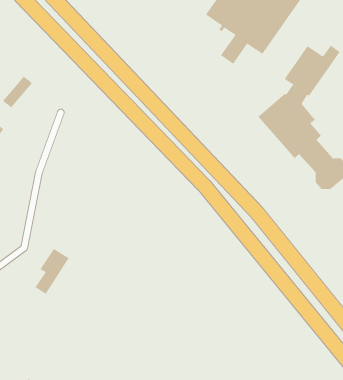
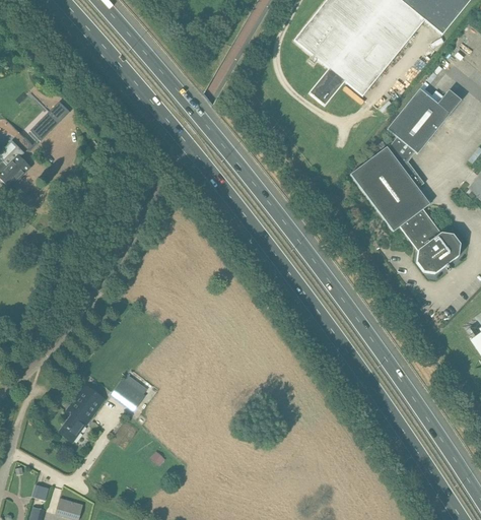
building: [35,248,69,294] -> [58,384,105,442]
building: none -> [109,372,147,409]

